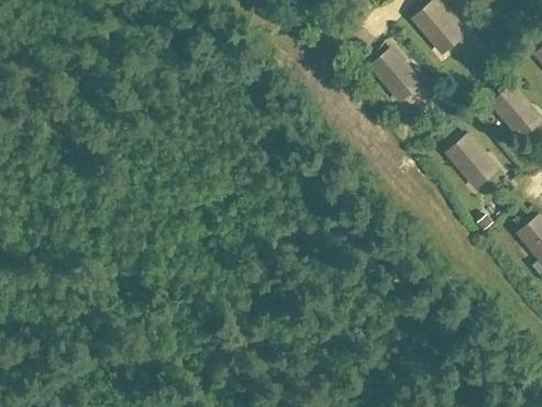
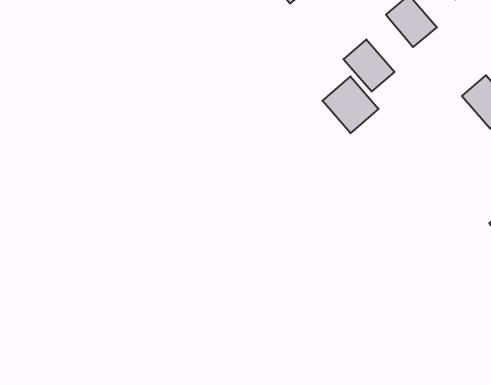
building: none -> [322,76,379,133]
building: [446,133,498,187] -> none

